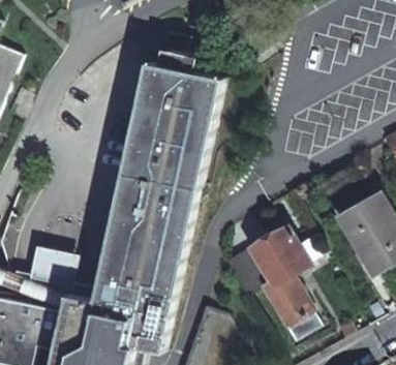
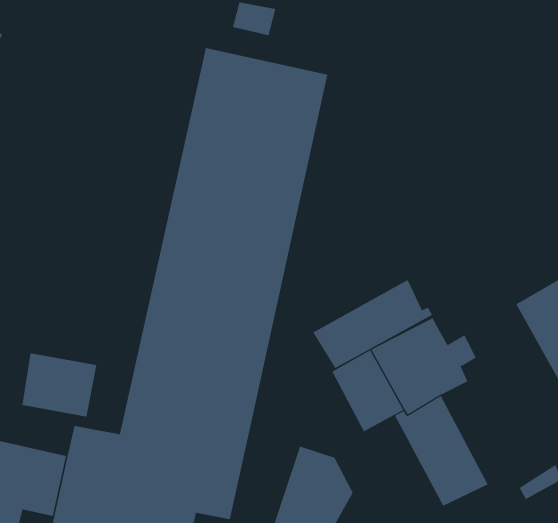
building: none -> [313,279,433,369]

